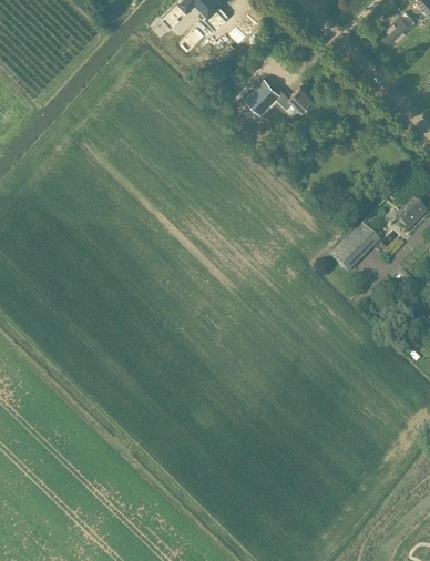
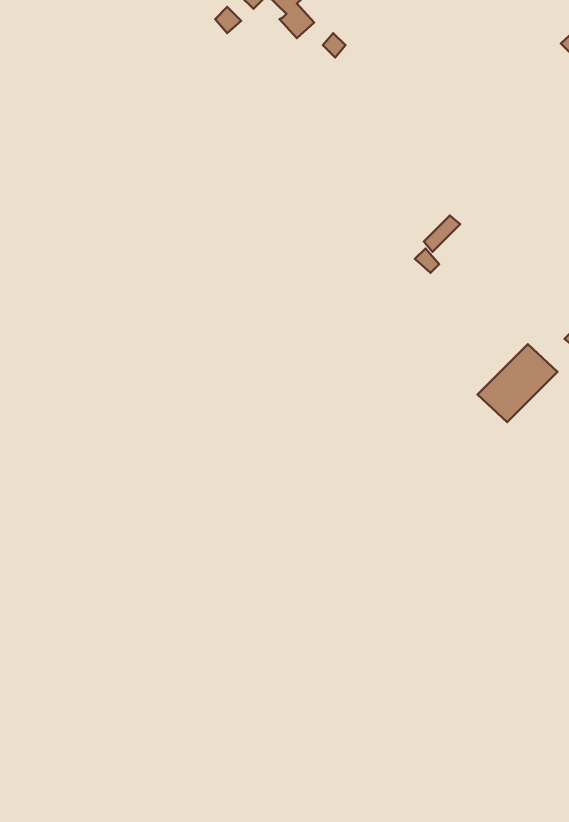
building: [249,75,313,109] -> none

